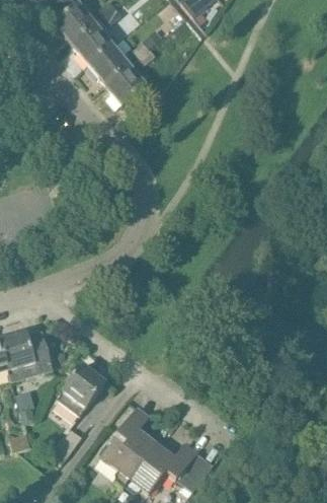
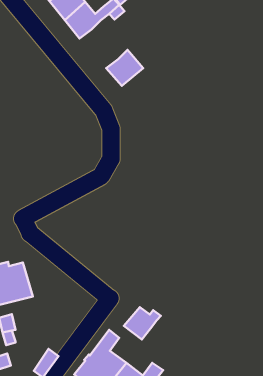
building: [105,64,146,103] -> [106,50,143,86]
building: [58,364,105,414] -> none
building: none -> [124,307,161,339]

